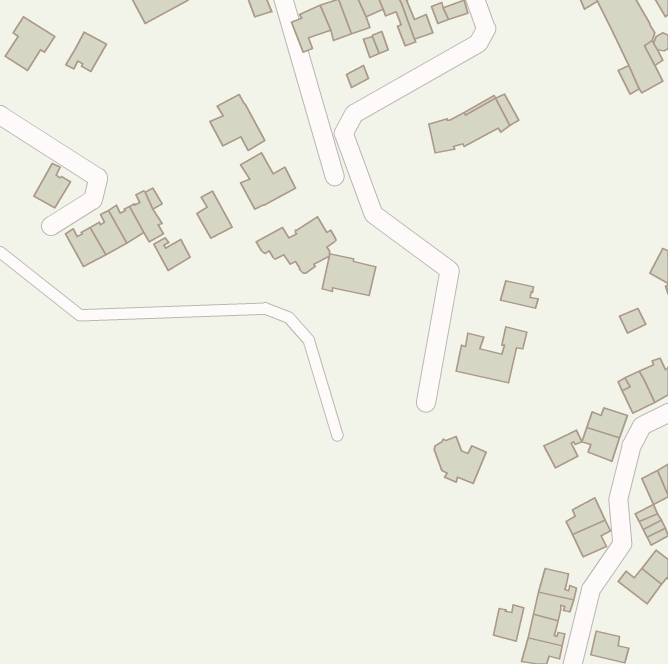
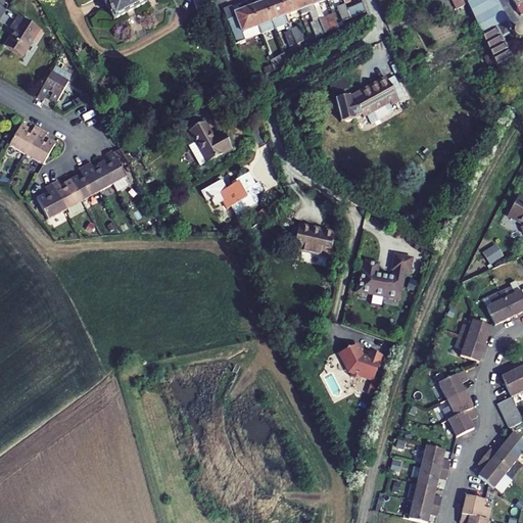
building: [66,32,106,72] -> [37,70,68,101]
building: [210,95,265,151] -> none
building: none -> [9,123,41,153]
building: [197,191,232,238] -> none
building: none -> [37,183,65,218]
building: [154,238,190,270] -> none
building: [322,254,376,296] -> [292,222,334,254]
building: [501,281,538,308] -> none
building: [544,430,582,468] -> [438,369,468,398]
building: none -> [477,455,506,486]
building: [493,605,524,641] -> none

